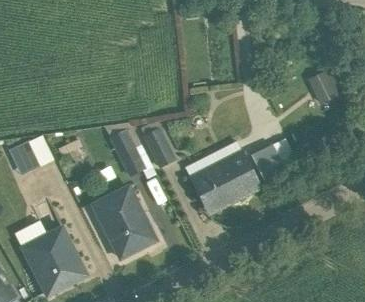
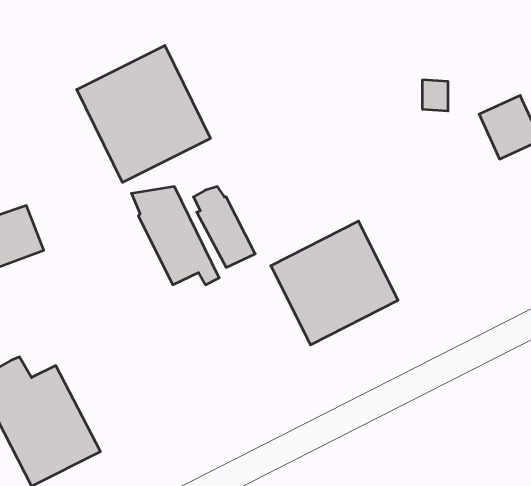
building: none -> [77,45,210,182]
building: [251,139,296,181] -> none
building: [92,185,156,258] -> none

